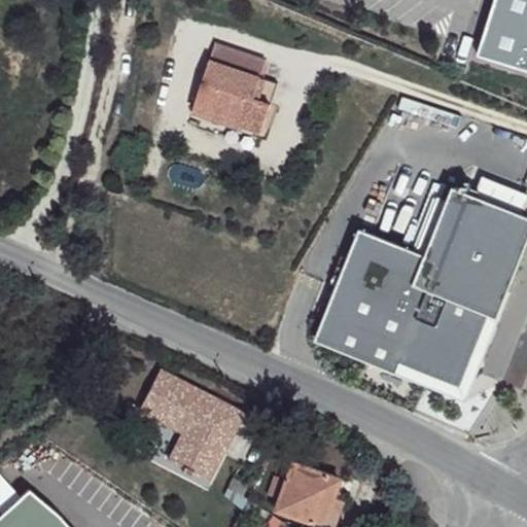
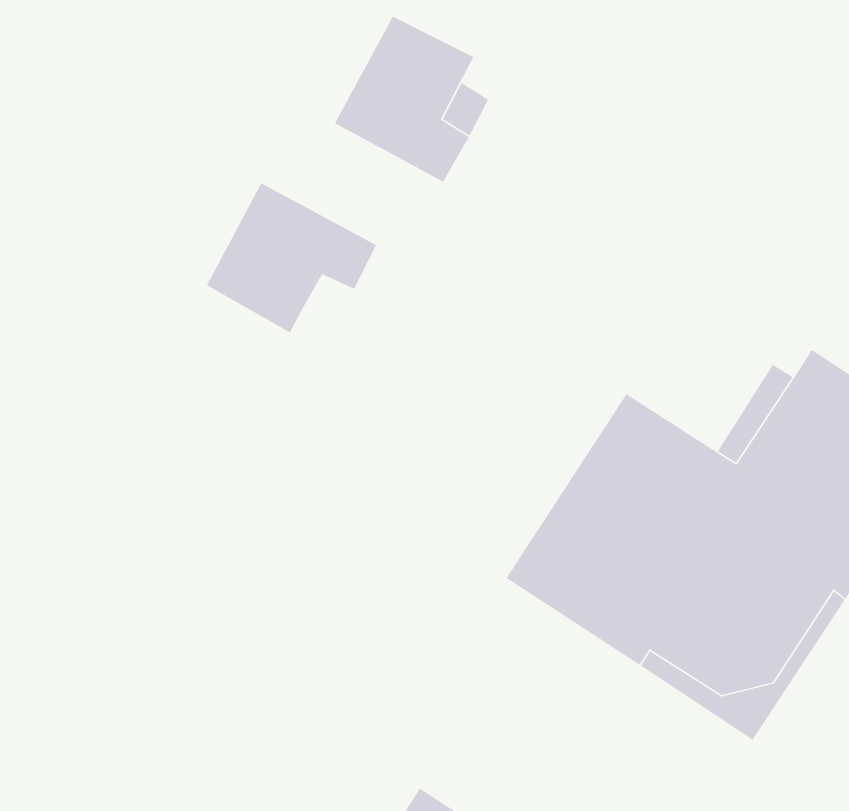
building: none -> [206,182,377,334]
building: [139,368,242,478] -> none

